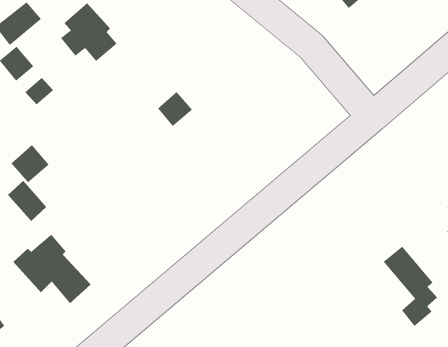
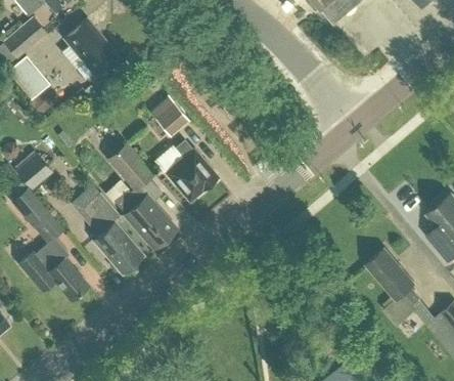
building: none -> [166,140,217,199]
building: none -> [106,142,173,249]
building: none -> [81,193,142,273]

